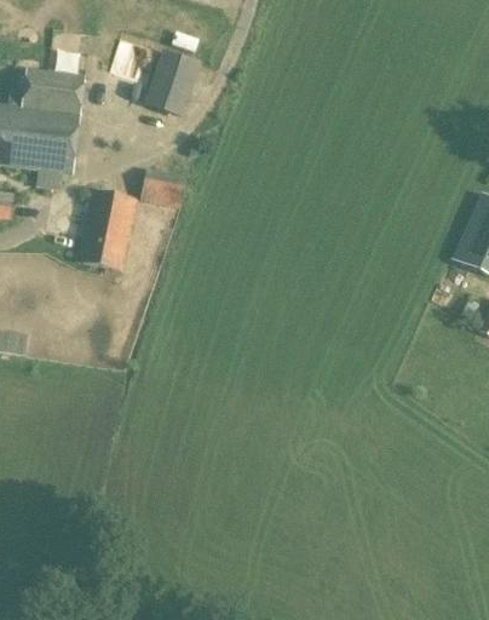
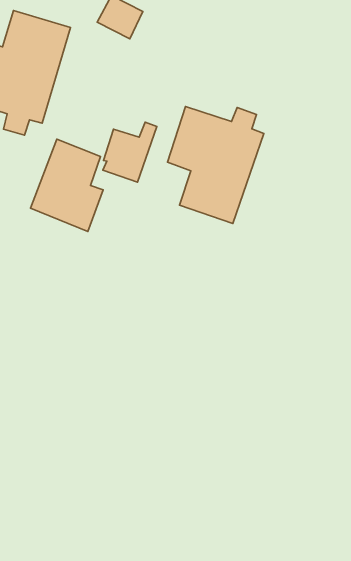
building: [142,47,197,115] -> none
building: none -> [167,107,264,224]

